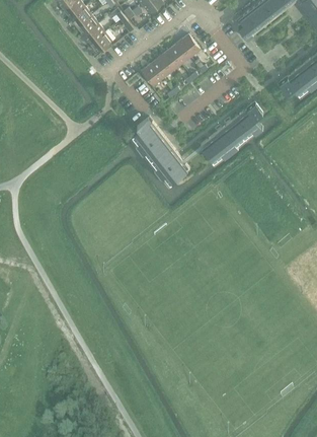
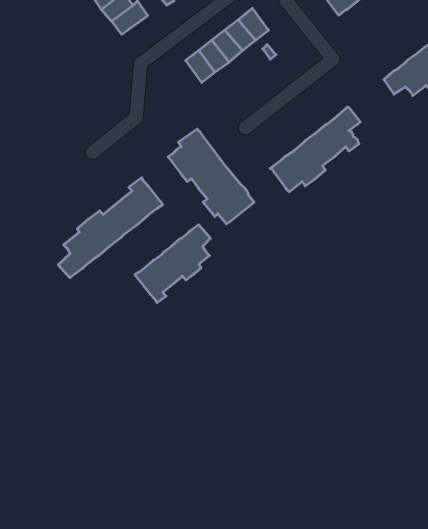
building: none -> [58,178,163,278]
building: none -> [135,225,210,303]

